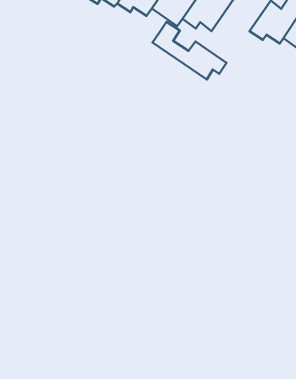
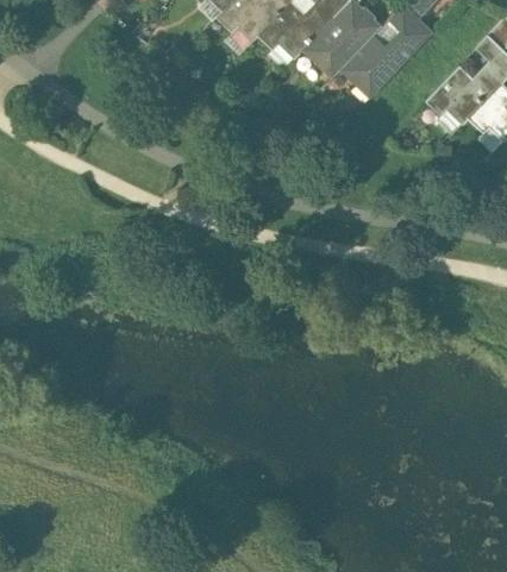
building: [152,22,226,80] -> none

